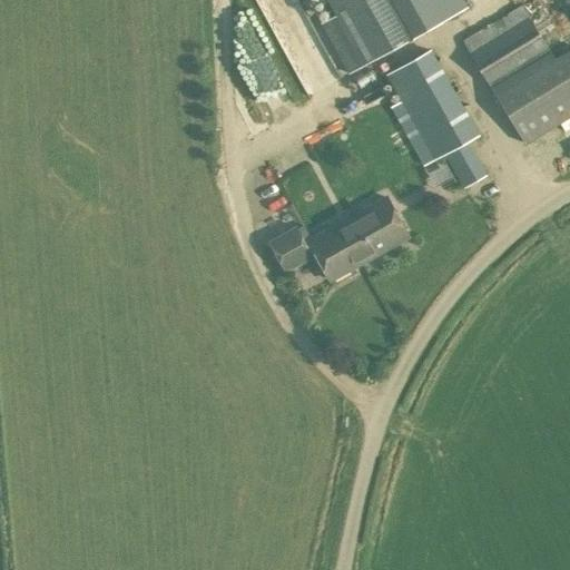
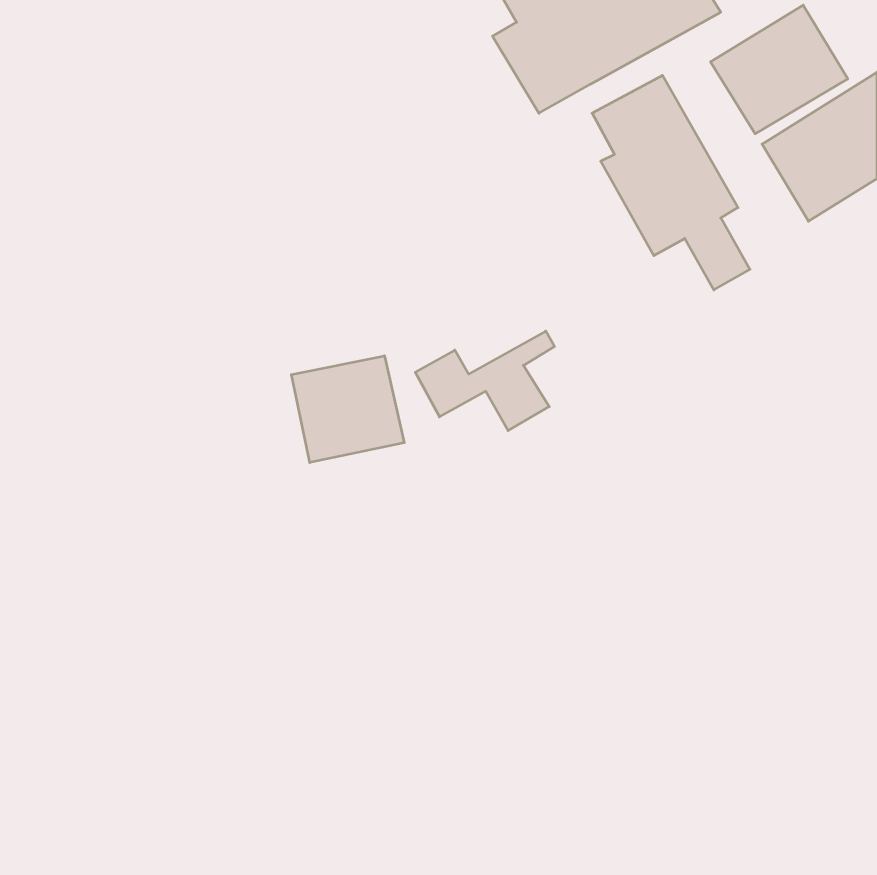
building: [340,197,407,264] -> none
building: none -> [291,356,404,463]

